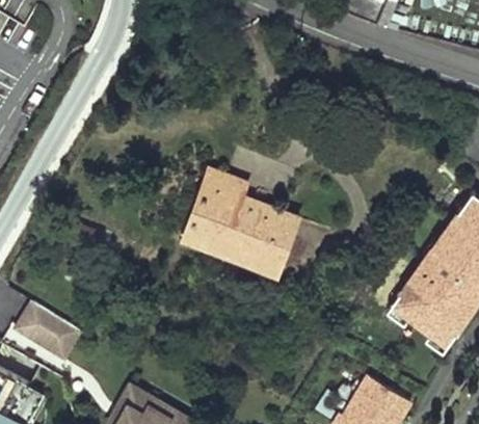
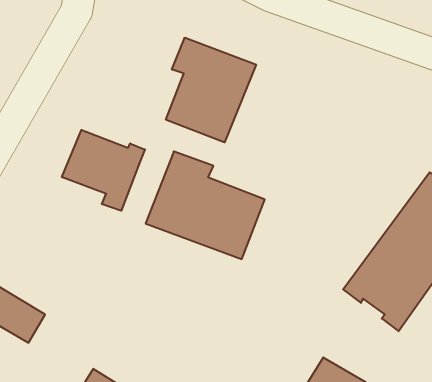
building: none -> [166,38,256,142]
building: none -> [62,130,145,211]

